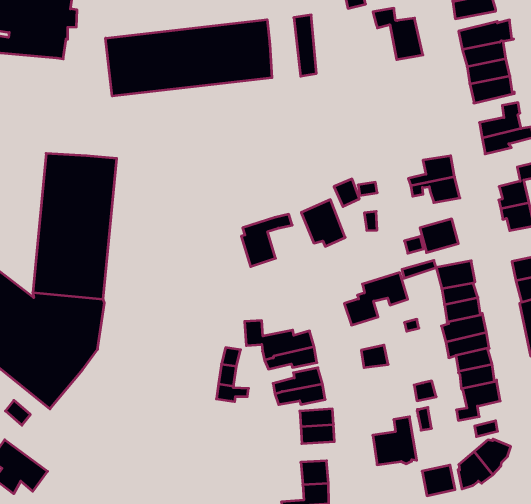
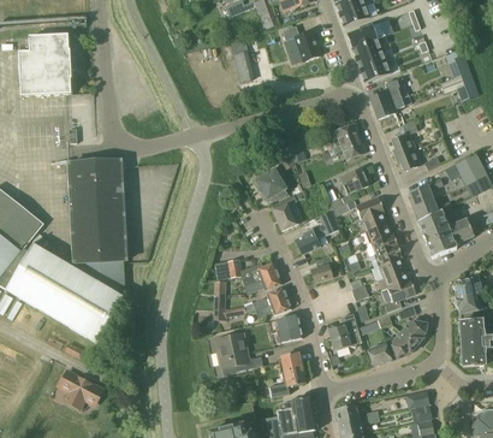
building: [106,20,272,96] -> none
building: [241,214,292,267] -> [272,189,307,230]
building: none -> [216,332,263,371]

